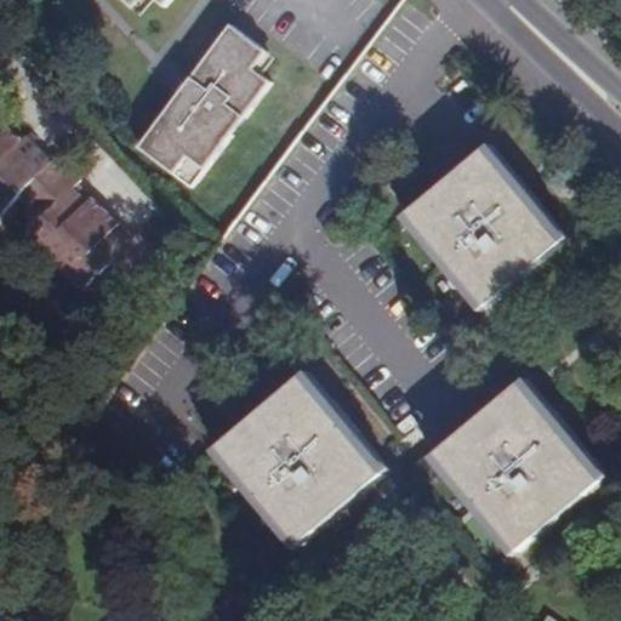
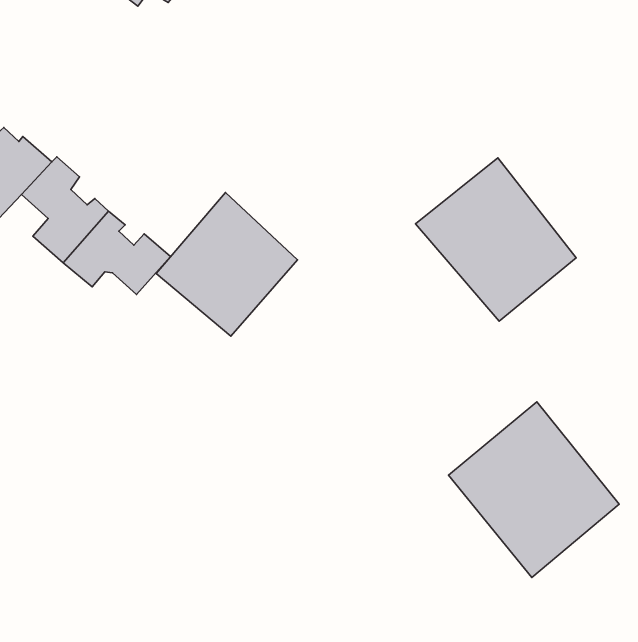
building: [137,23,268,183] -> none
building: none -> [156,193,297,336]
building: [207,375,377,545] -> none

